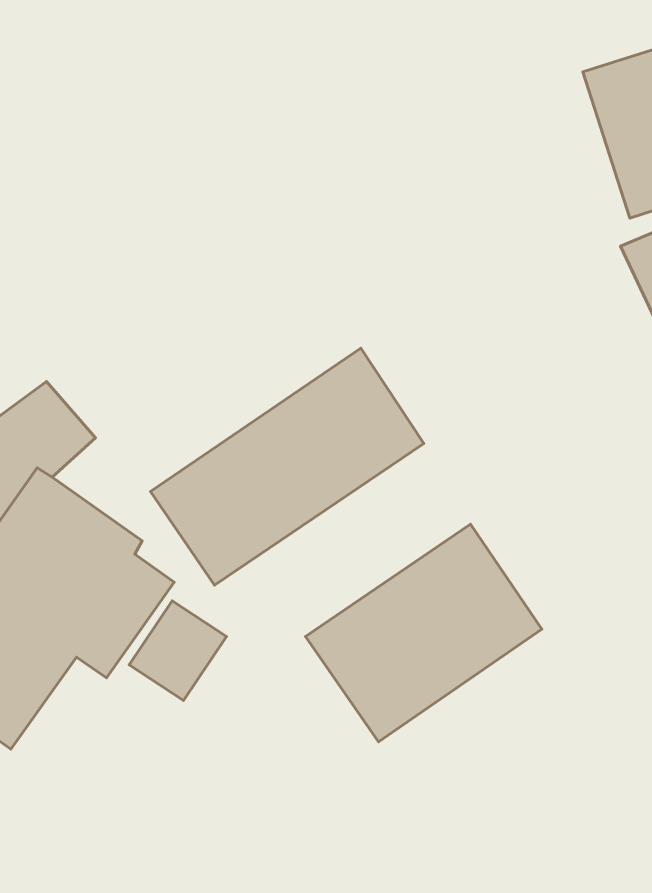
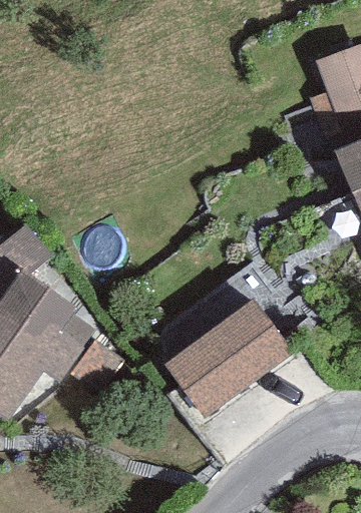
building: [150,348,424,585] -> none

